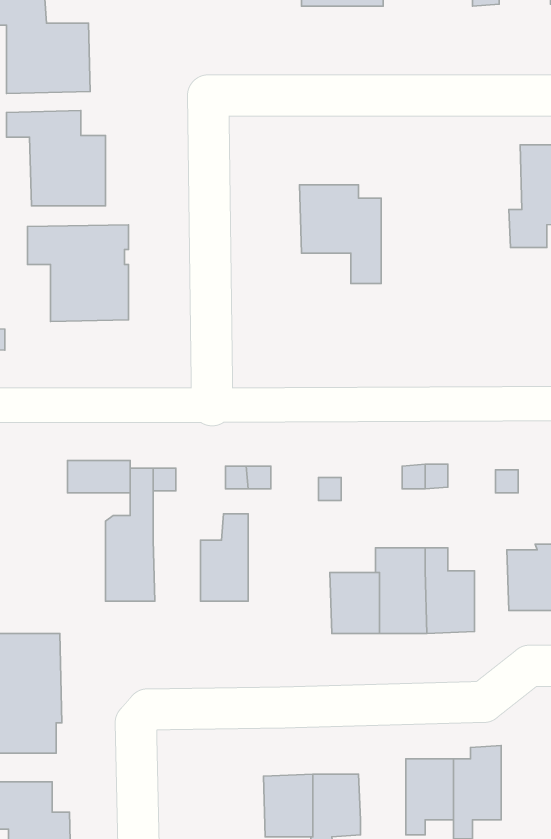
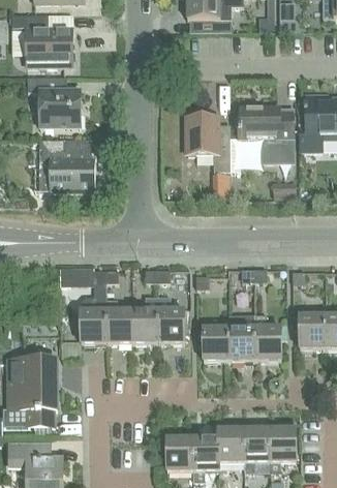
building: none -> [229,108,293,171]
building: none -> [157,296,183,343]
building: none -> [105,299,131,343]
building: none -> [217,429,243,462]

